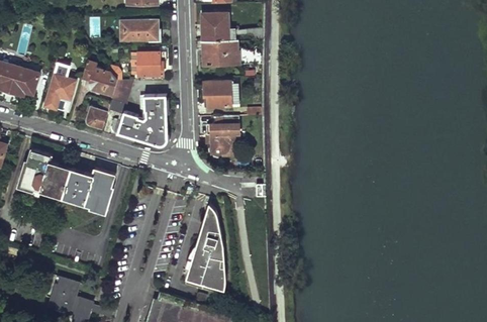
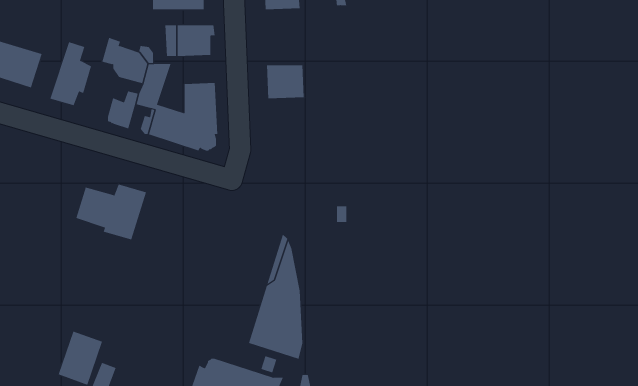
building: [202,38,245,65] -> none
building: [205,114,239,156] -> none
building: [20,150,70,194] -> none

